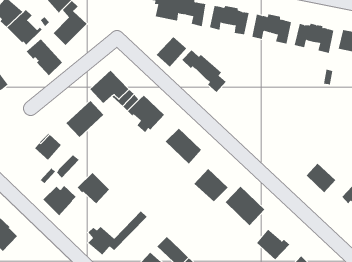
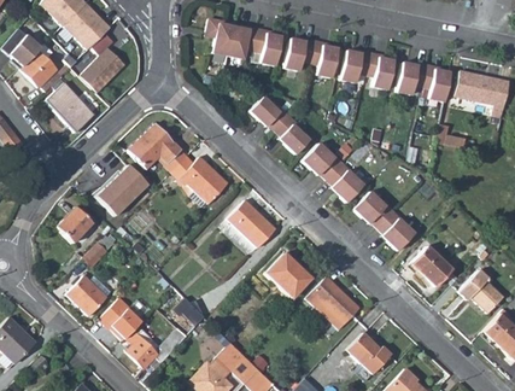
building: [156,36,187,67] -> none
building: none -> [304,145,364,203]
building: none -> [353,192,415,251]
building: [77,172,110,204] -> [99,298,142,340]

